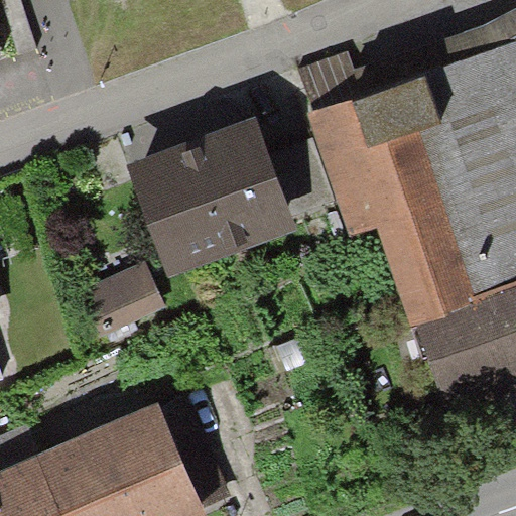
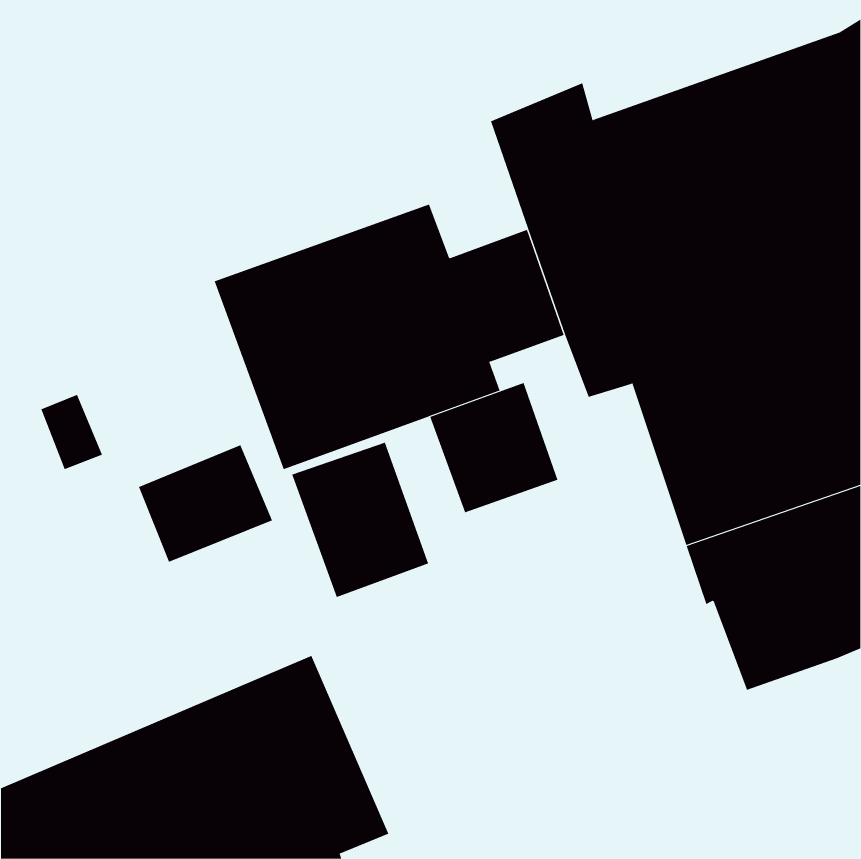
building: none -> [429,382,558,513]
building: none -> [291,442,429,598]

